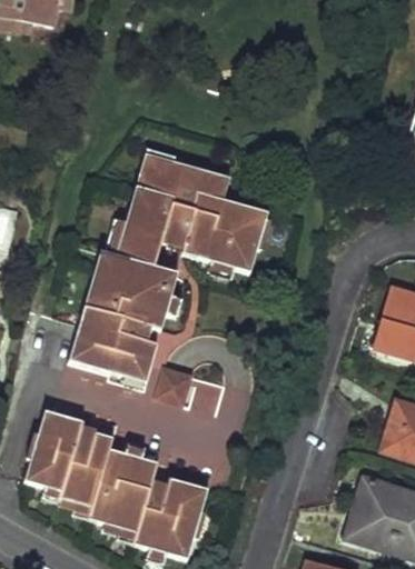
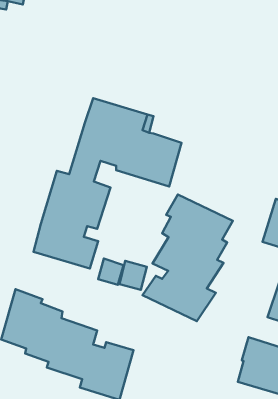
building: none -> [143,194,233,321]

